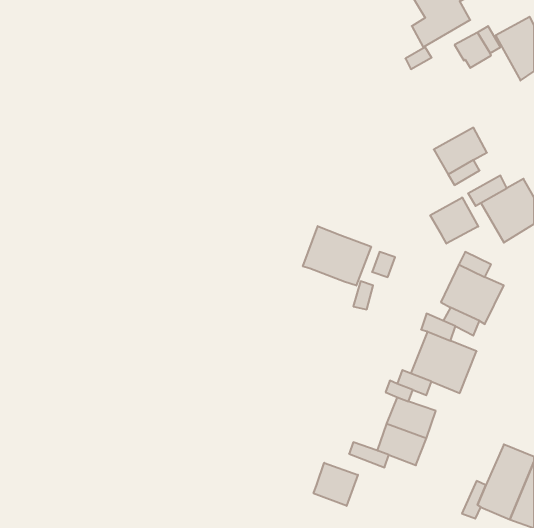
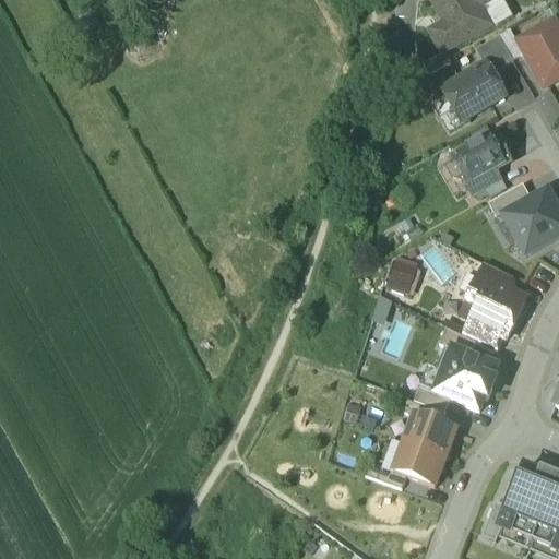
building: none -> [443,62,504,114]
building: [430,197,478,244] -> none
building: [303,226,371,286] -> none
building: [314,463,358,506] -> none

